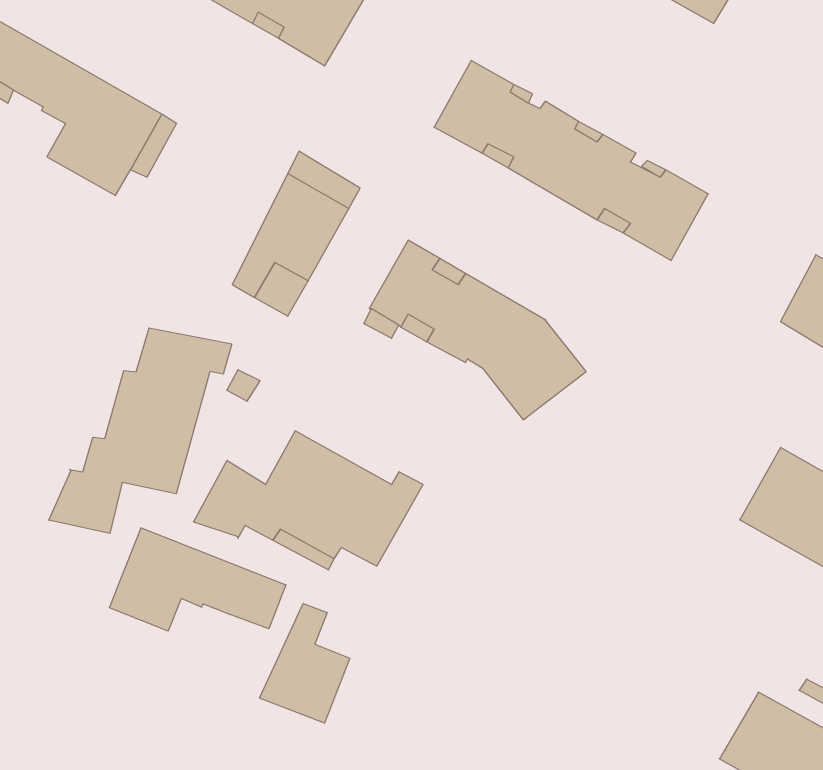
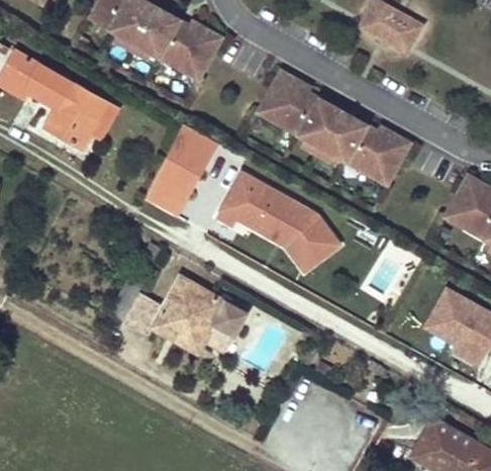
building: [49,328,232,533] -> none
building: [109,528,286,631] -> none
building: [260,603,350,723] -> none

